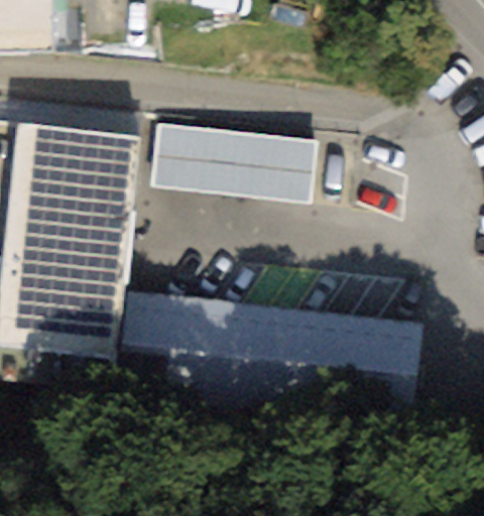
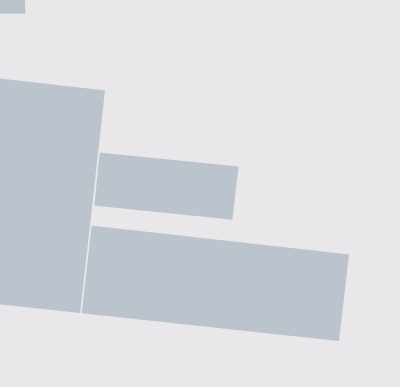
building: [146,120,313,198] -> [94,152,239,220]

